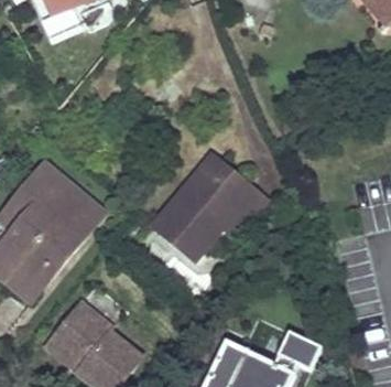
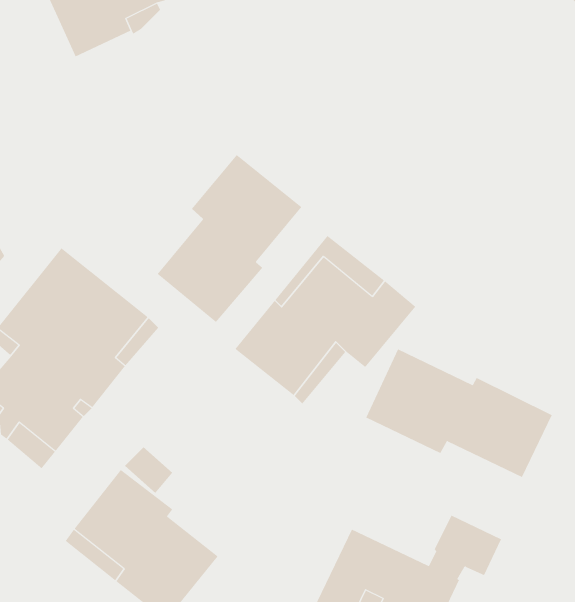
building: none -> [157,154,302,323]
building: none -> [366,348,552,478]

